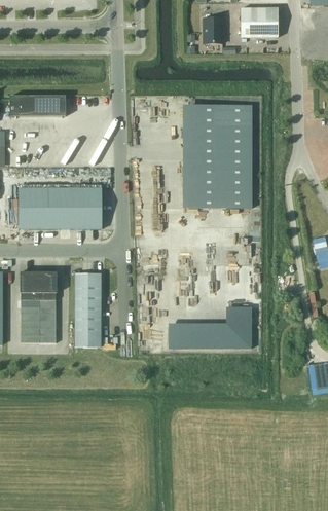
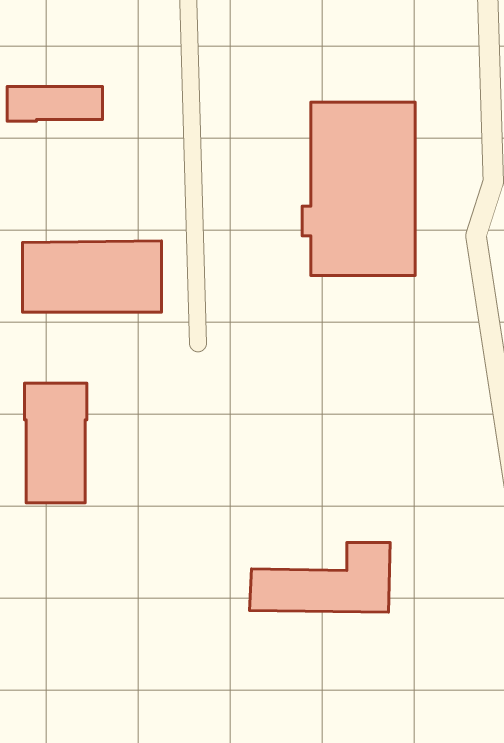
building: [74,272,100,345] -> none
building: [171,305,254,346] -> [250,543,390,612]

